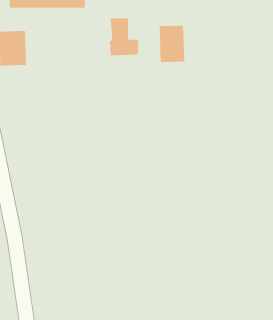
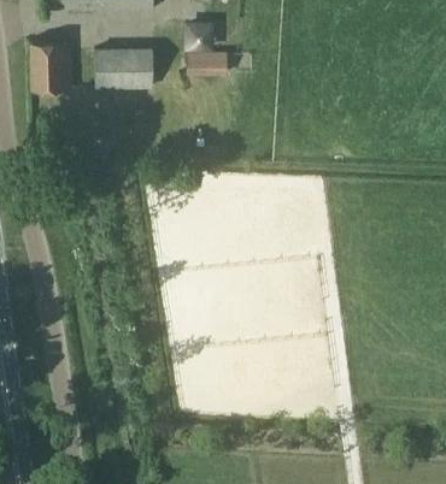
building: [159,25,185,63] -> none
building: none -> [95,49,153,92]

